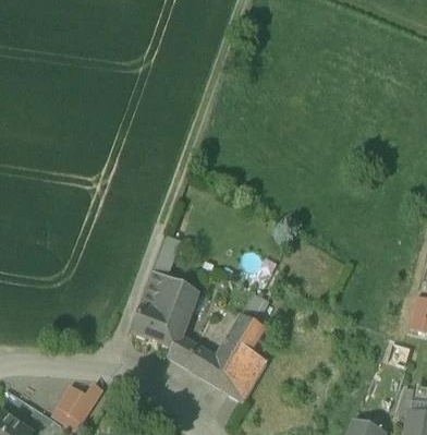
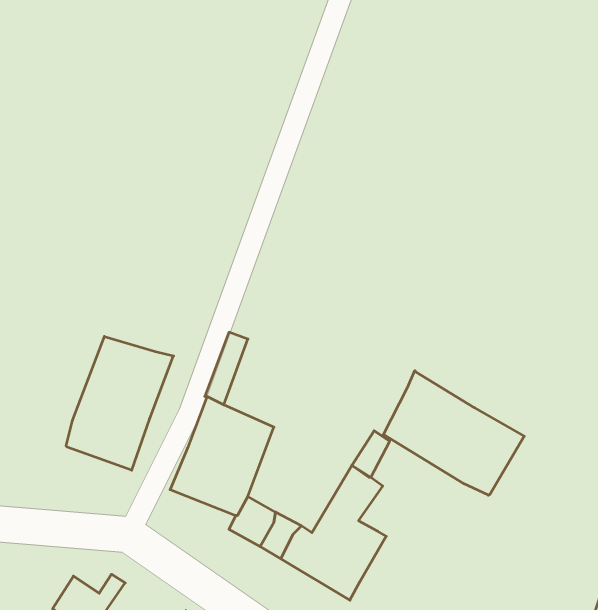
building: none -> [66,336,174,470]
building: none -> [383,371,524,495]

